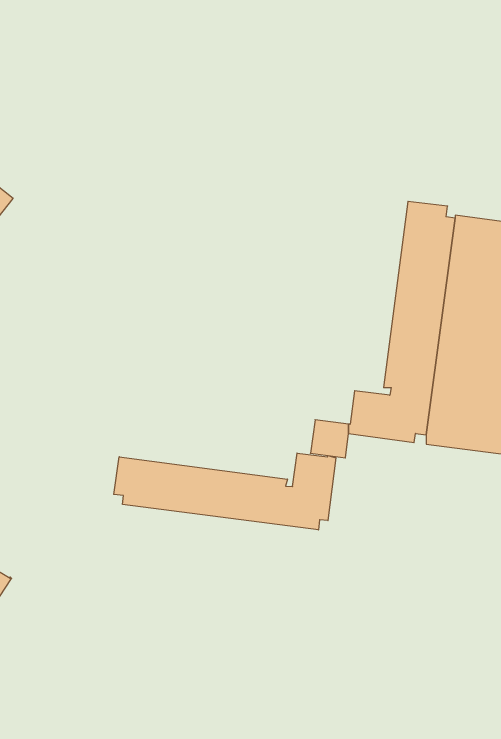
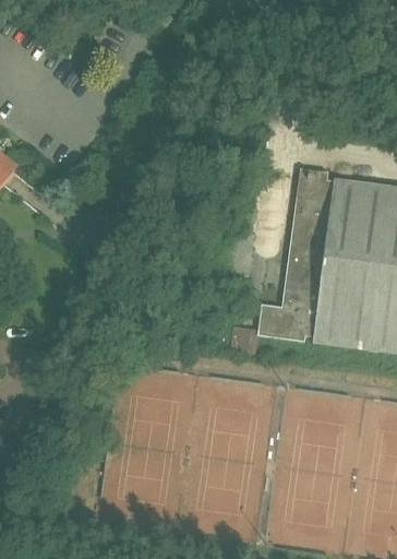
building: [114,453,336,530] -> none

